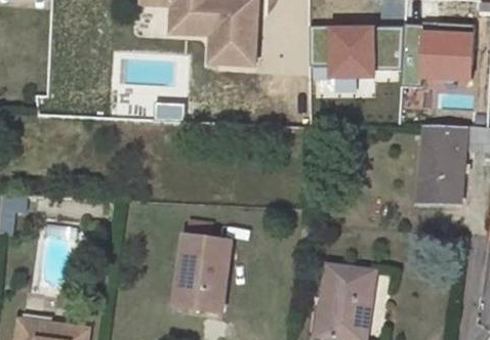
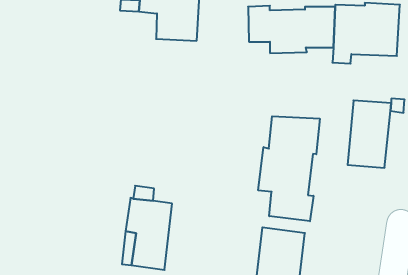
building: none -> [258,116,320,221]

